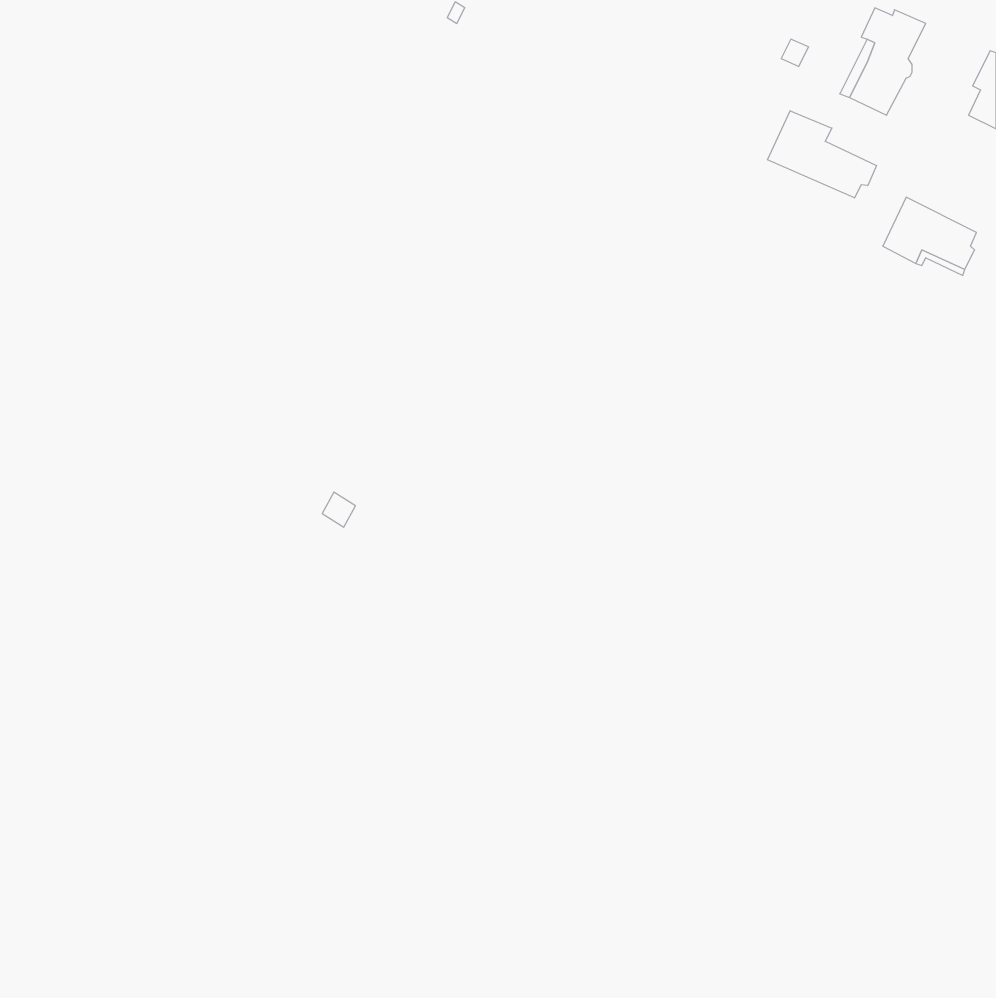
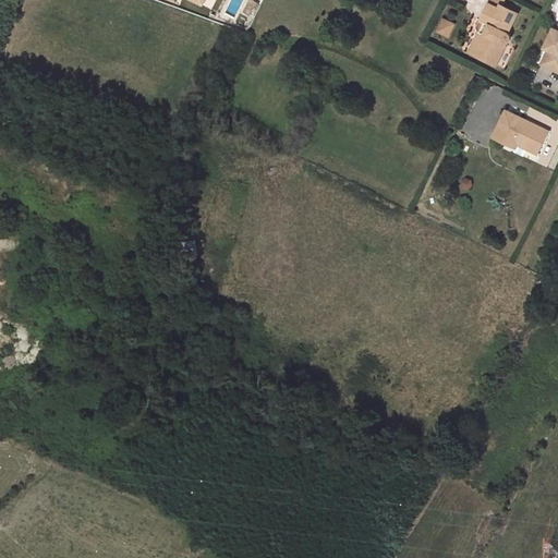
building: [767,111,876,198] -> none

